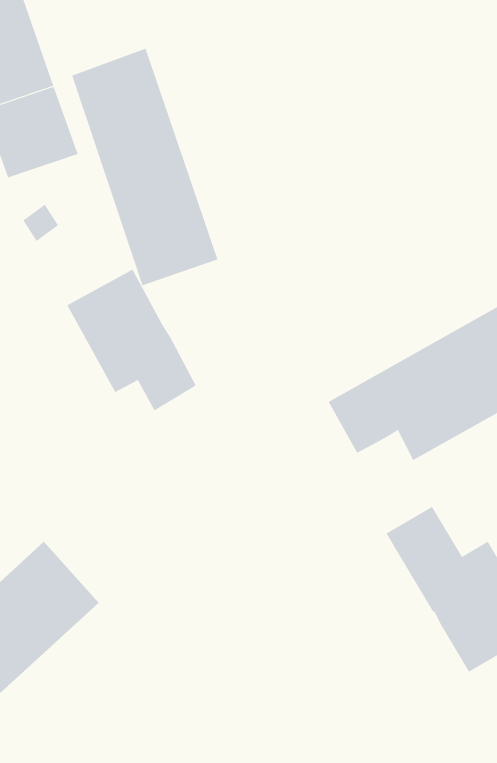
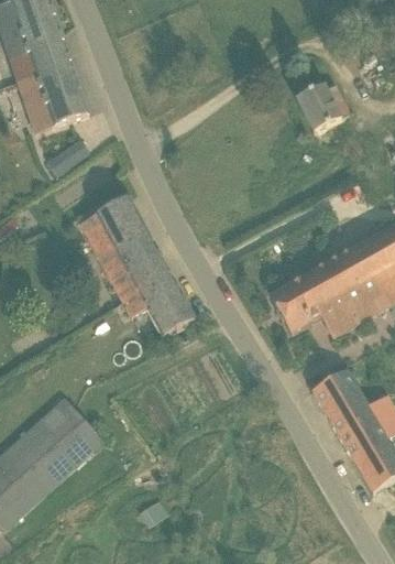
building: [71,48,218,286] -> none
building: none -> [296,84,340,132]
building: none -> [114,278,194,335]

